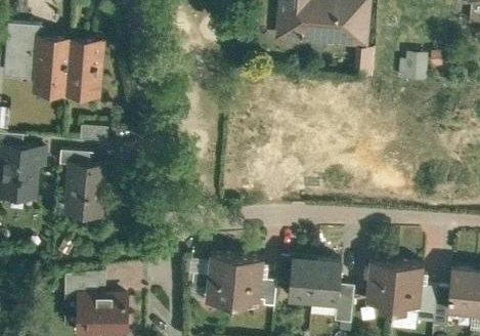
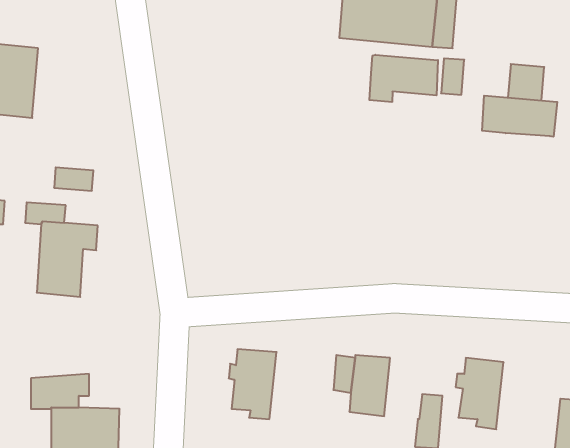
building: [66,42,100,92] -> none
building: none -> [369,55,438,102]
building: none -> [482,96,557,137]
building: [232,256,267,304] -> none
building: [313,260,342,303] -> none
building: [392,263,428,311] -> none

